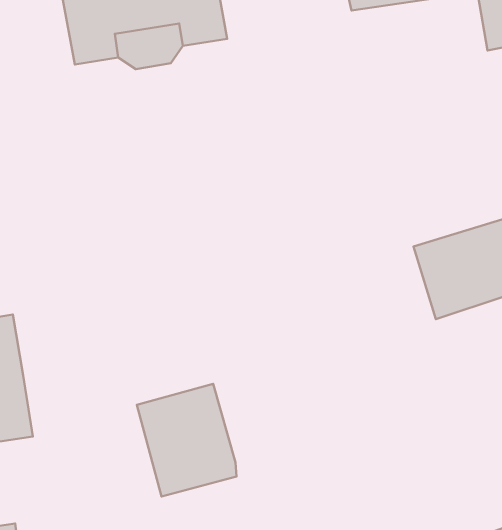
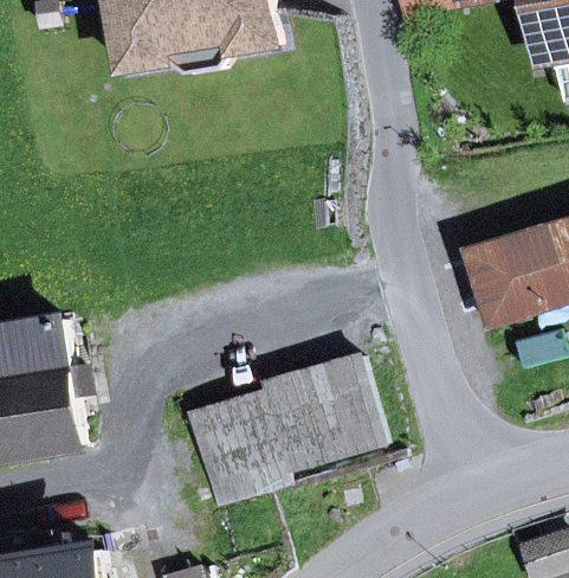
building: none -> [261,355,386,470]

